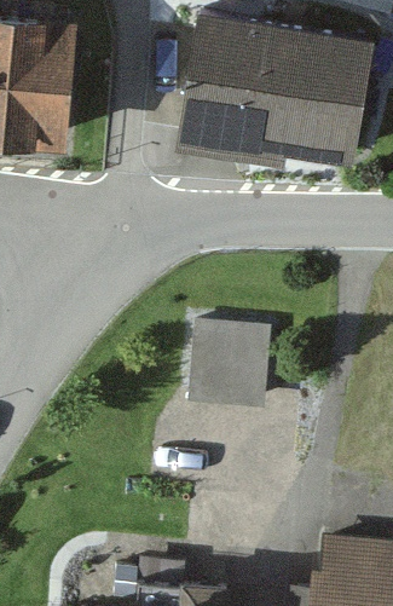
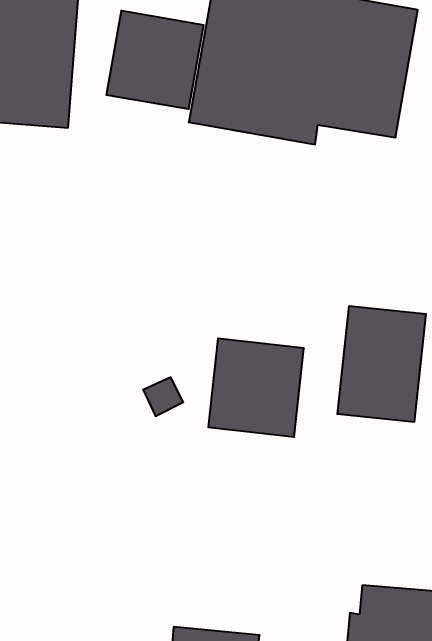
building: none -> [106,11,204,109]
building: none -> [337,306,426,422]

